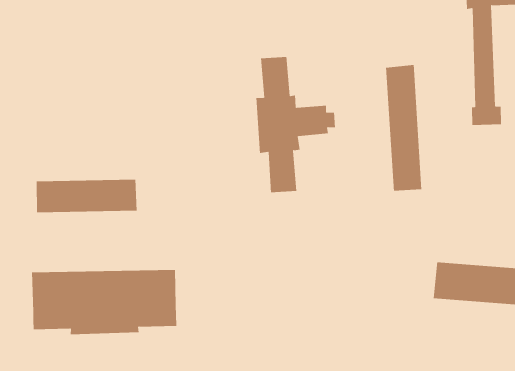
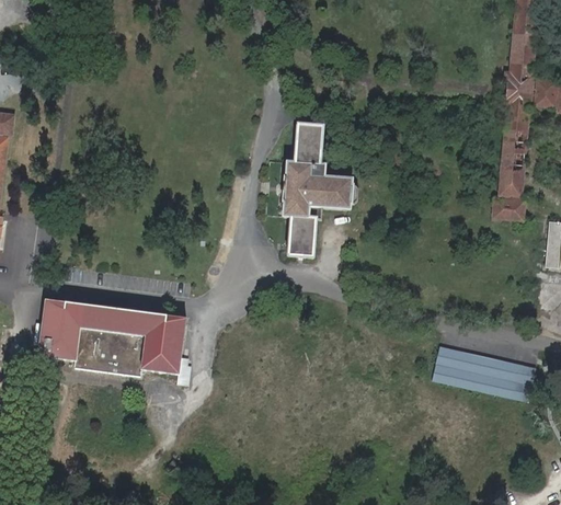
building: [385,64,422,192] -> none
building: [36,179,137,213] -> none

